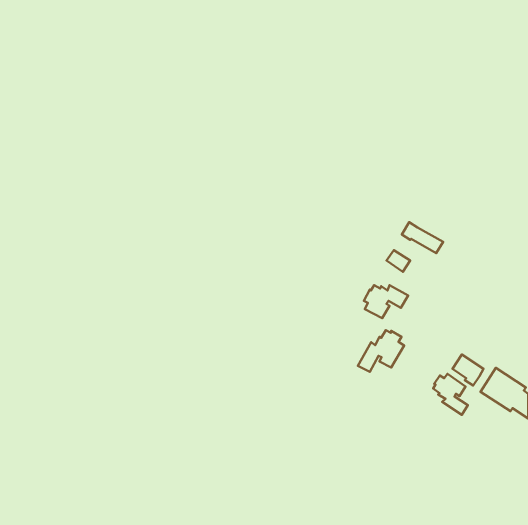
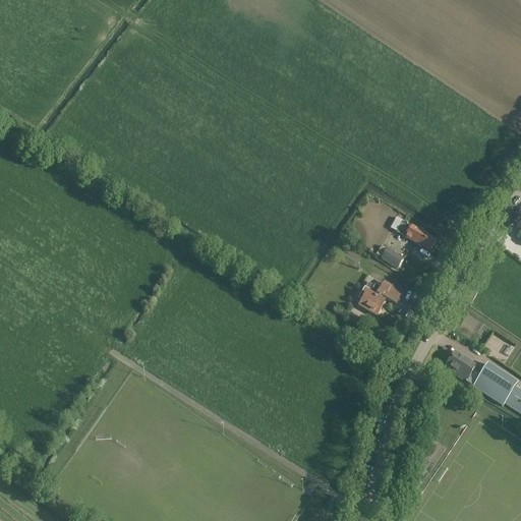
building: [358,330,404,372] -> none
building: [433,374,468,415] -> none

